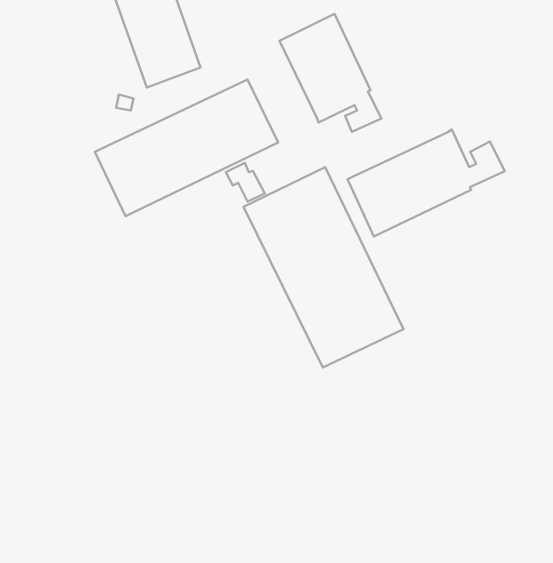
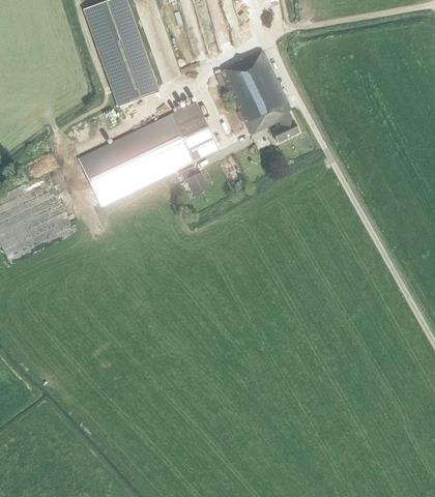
building: [347,130,505,236] -> none
building: [243,167,403,368] -> none

